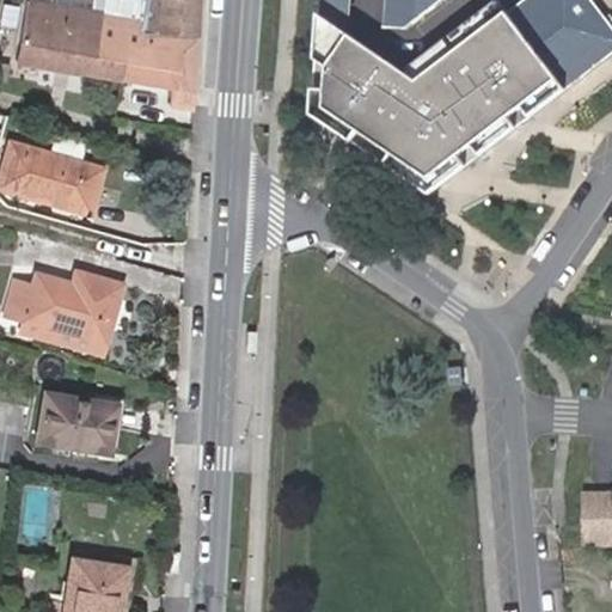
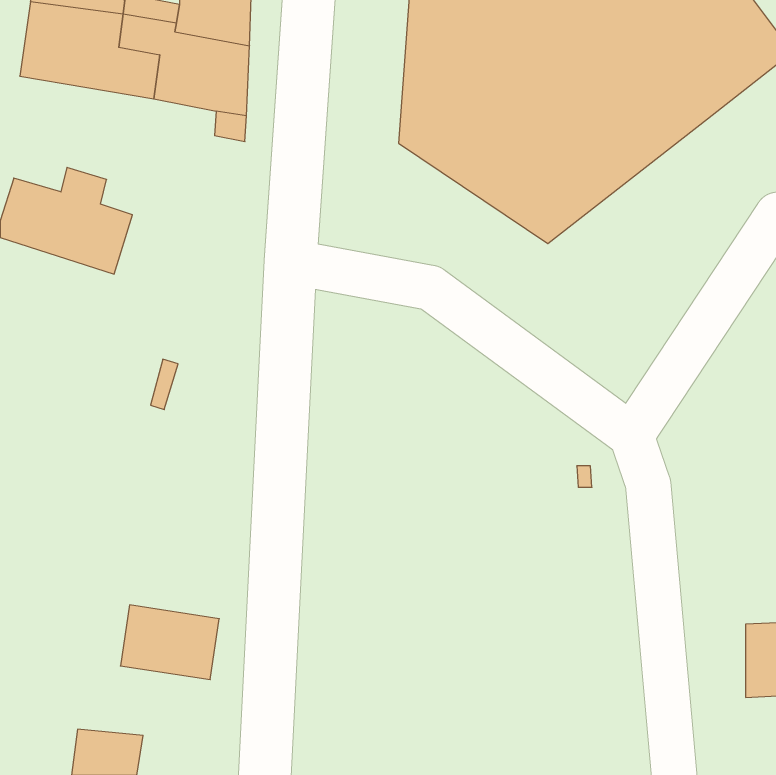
building: [7,273,123,355] -> none
building: [38,392,116,451] -> [120,605,219,680]

